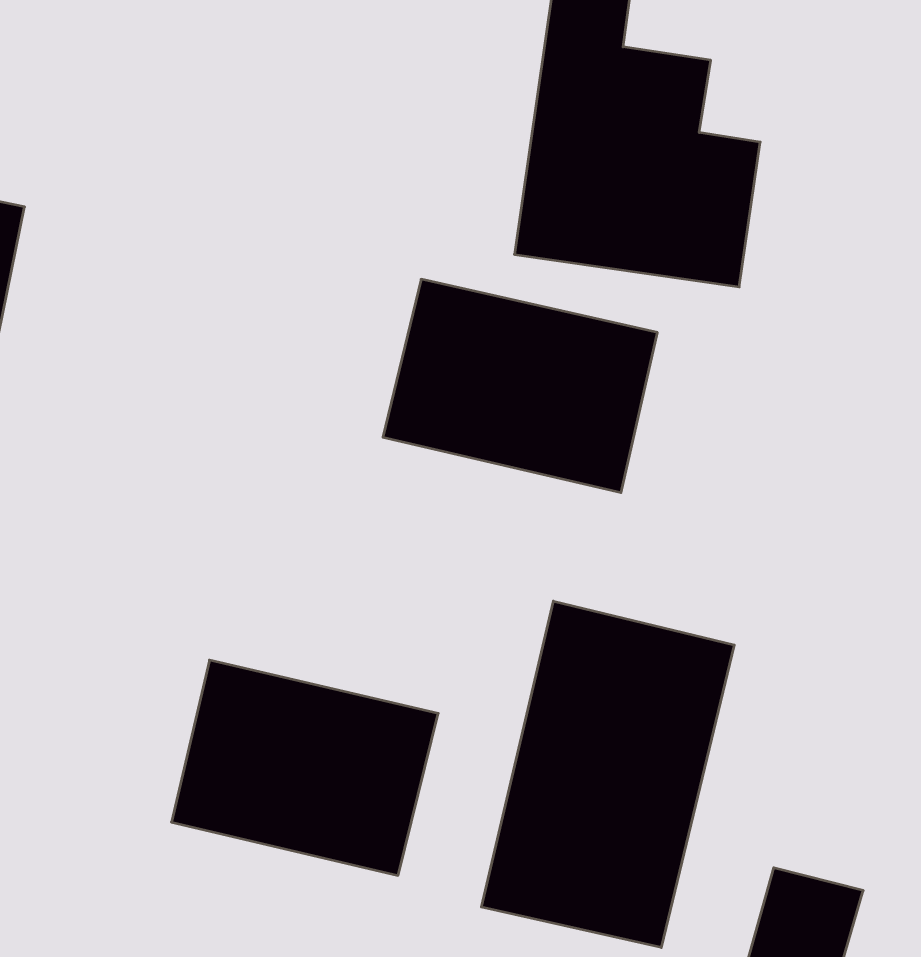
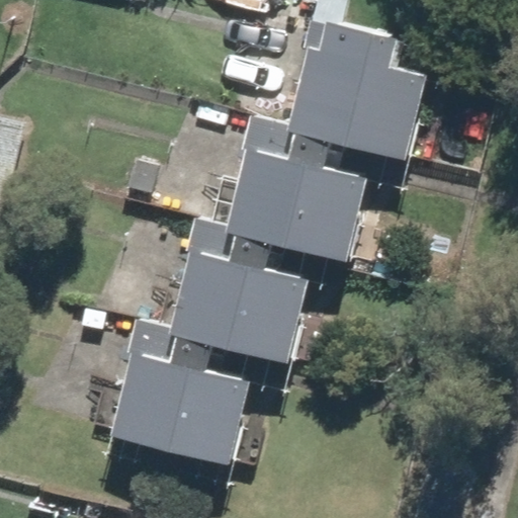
building: none -> [165,254,309,364]
building: [481,601,734,948] -> none

